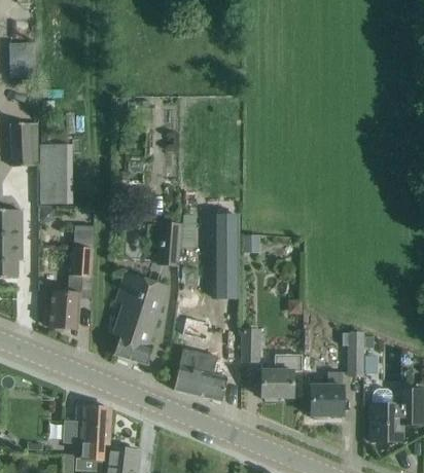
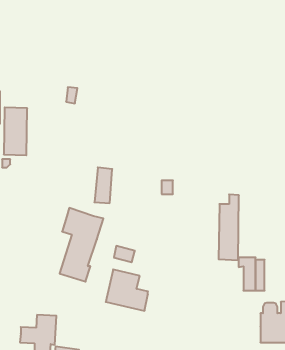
building: [216,219,242,302] -> [219,194,239,260]
building: [49,225,94,329] -> none
building: [241,331,260,361] -> none
building: [261,355,302,400] -> none
building: [310,372,342,415] -> none

